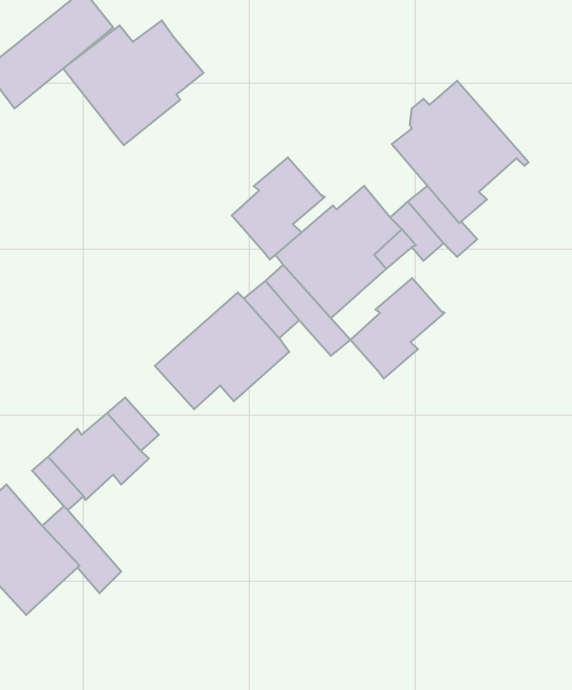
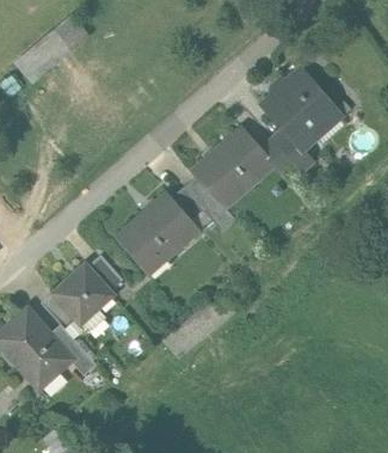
building: [63,21,204,145] -> none
building: [232,157,325,260] -> none
building: [350,278,445,379] -> none

